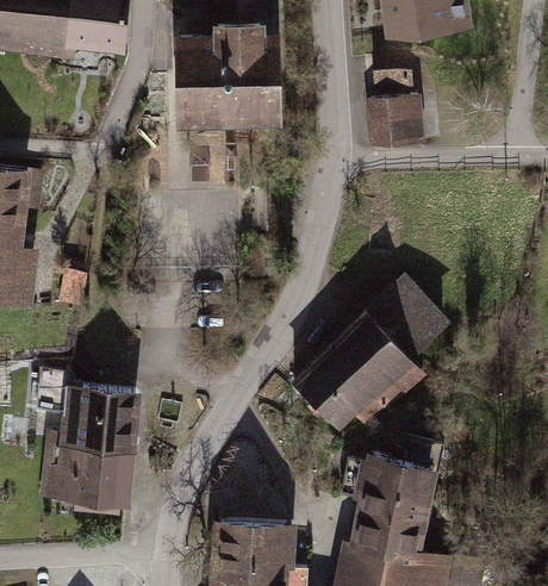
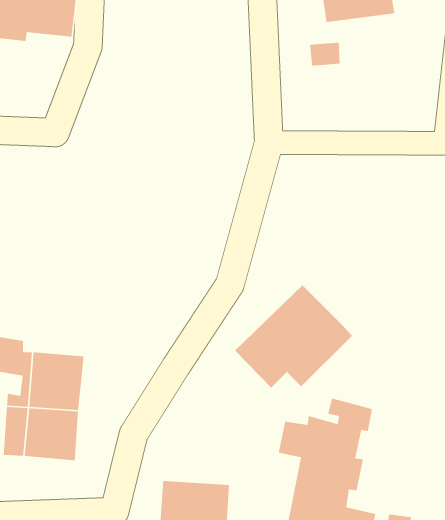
building: [178,25,276,124] -> none
building: [369,100,421,149] -> none
building: [367,286,443,361] -> none

